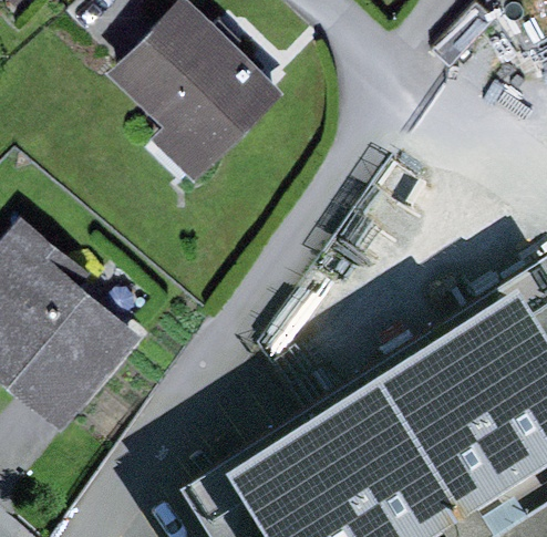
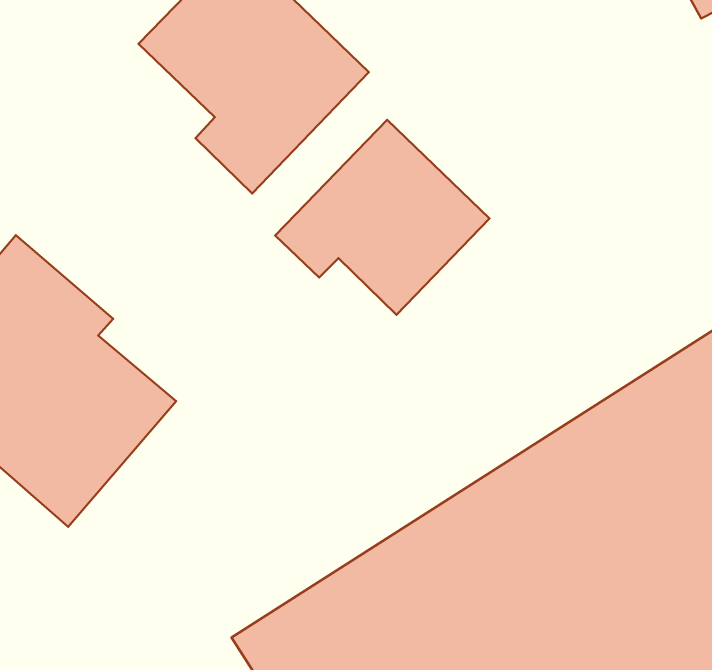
building: none -> [275,120,489,315]

